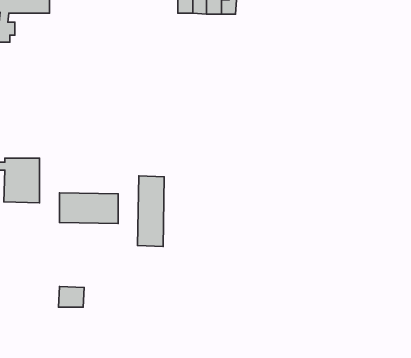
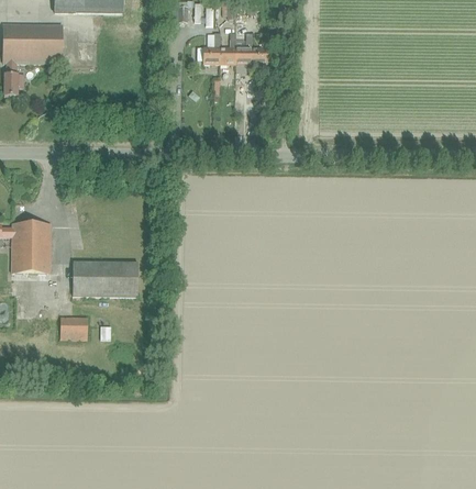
building: [138,176,164,246] -> none
building: [58,286,84,307] -> [59,315,88,338]

